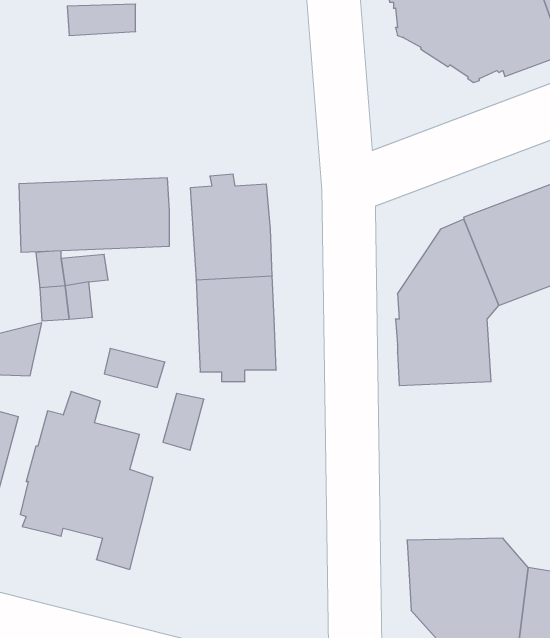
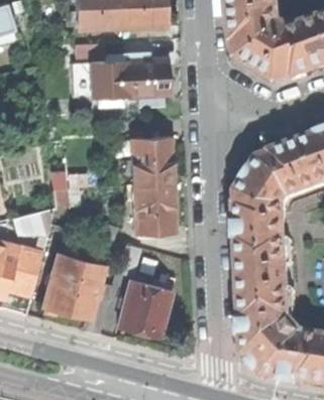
building: [19,178,169,252] -> [91,55,169,94]
building: none -> [238,236,292,317]
building: none -> [117,274,174,335]

